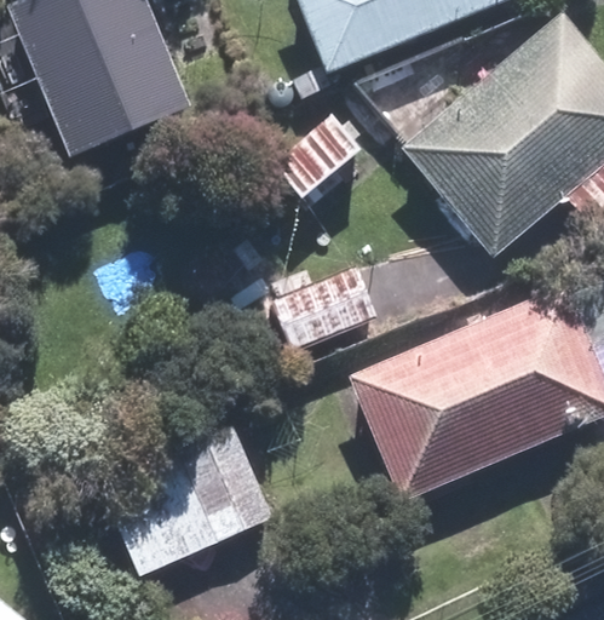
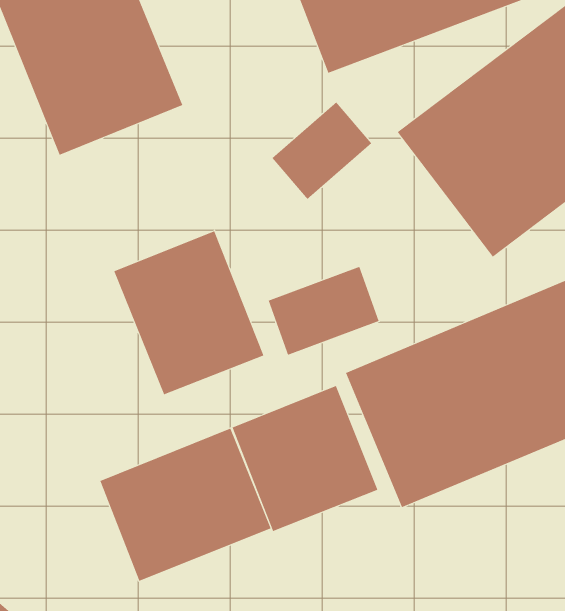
building: none -> [113,230,264,395]
building: none -> [232,385,378,532]

